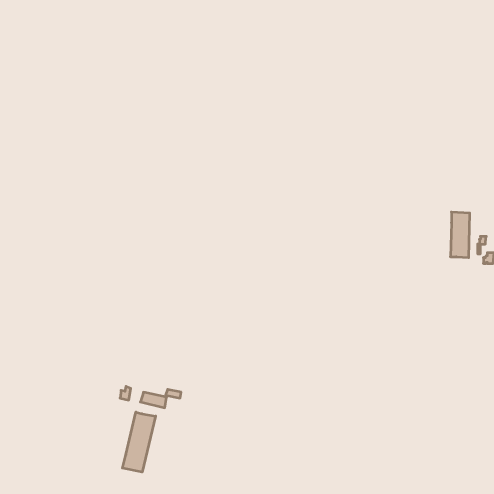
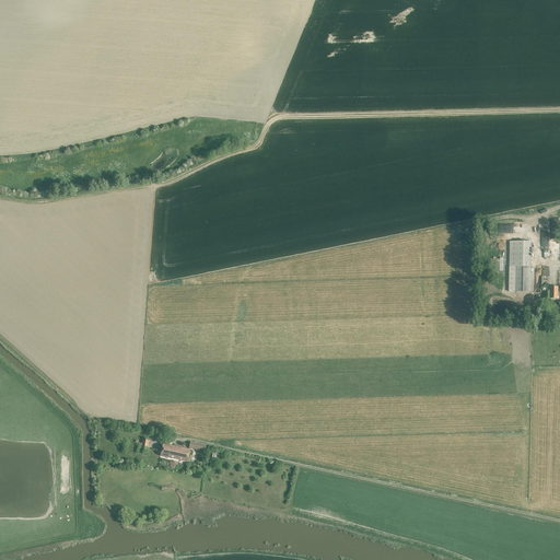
building: [122,412,156,472] -> none

